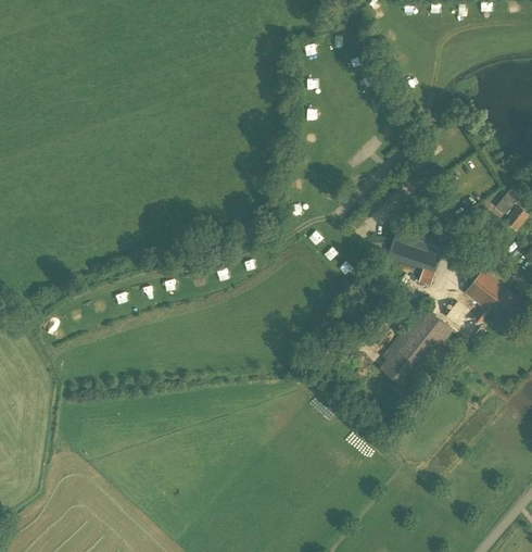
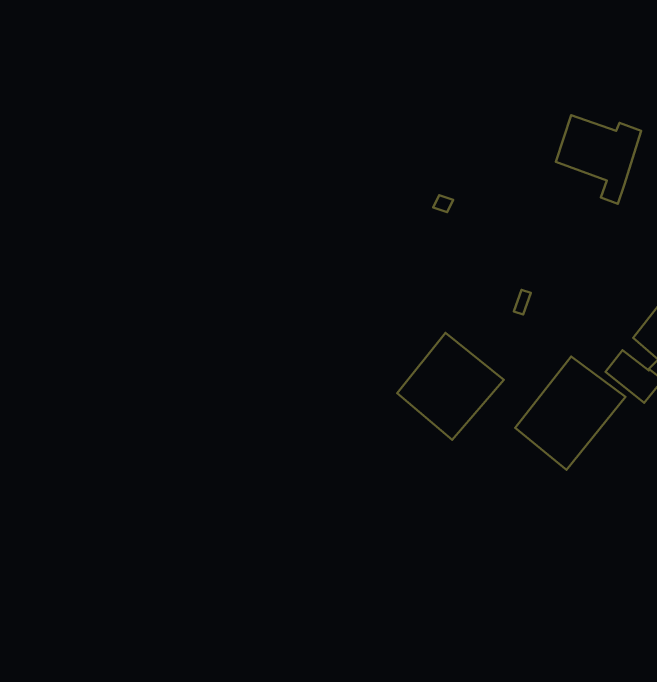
building: [385,225,445,287] -> [556,115,641,204]
building: none -> [397,333,504,440]

